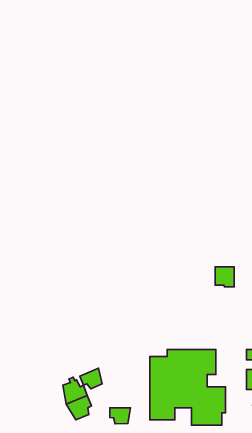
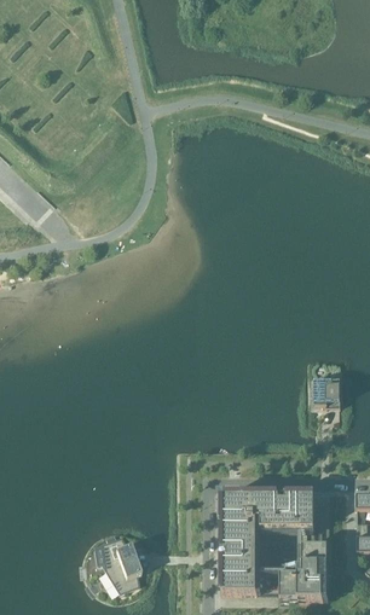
building: [80,368,102,389] -> none
building: [110,408,130,424] -> none

